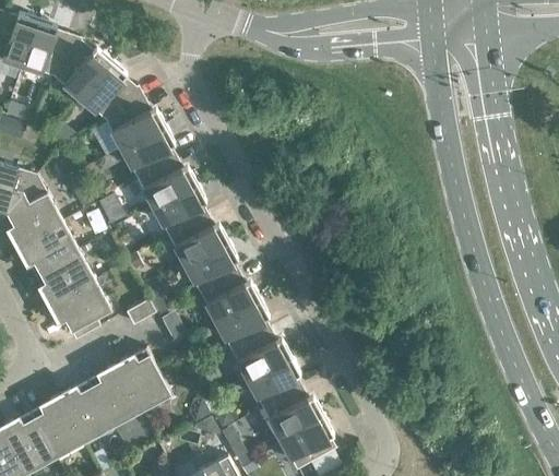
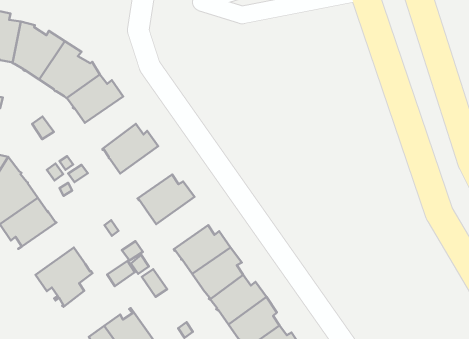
building: [121,128,175,180] -> none
building: [152,185,206,237] -> none
building: [183,242,238,295] -> none
building: [35,252,94,305] -> none

